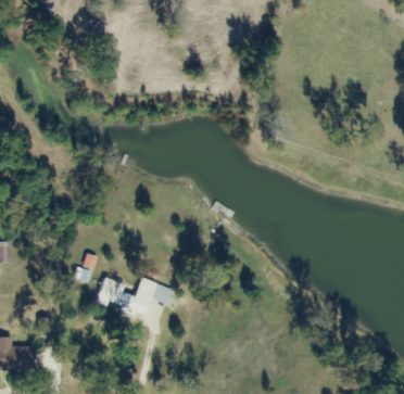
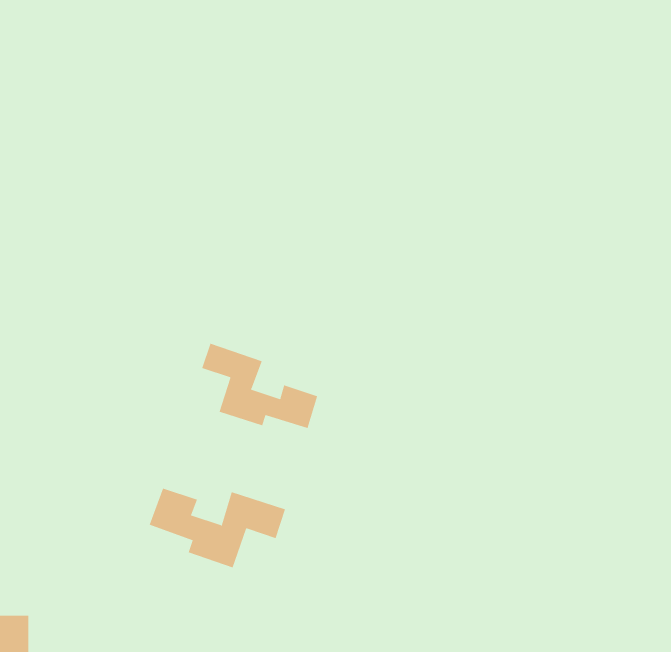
building: none -> [202,343,318,429]

